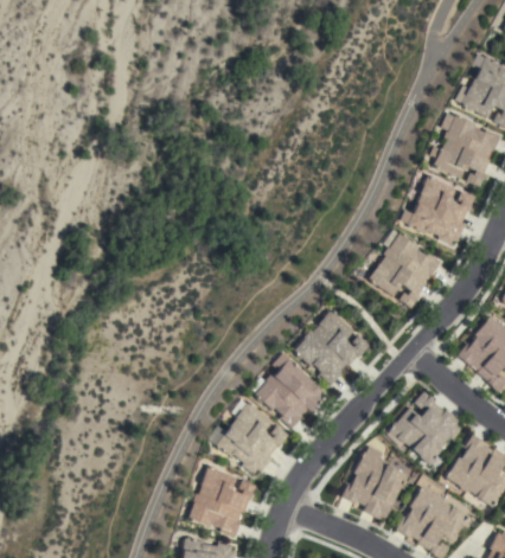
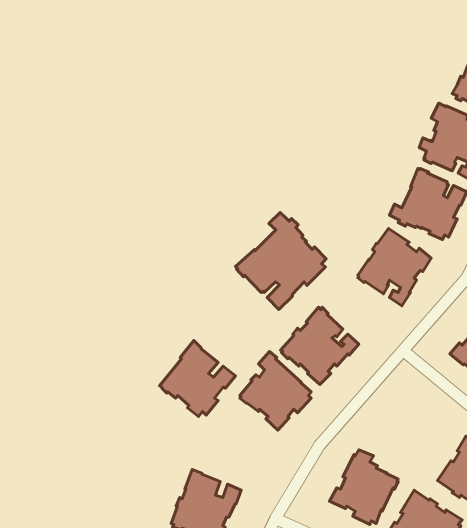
building: none -> [236,213,326,309]
building: [390,391,461,466] -> none
building: [216,400,289,474] -> [159,340,235,417]

